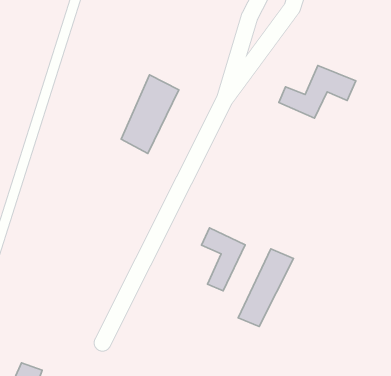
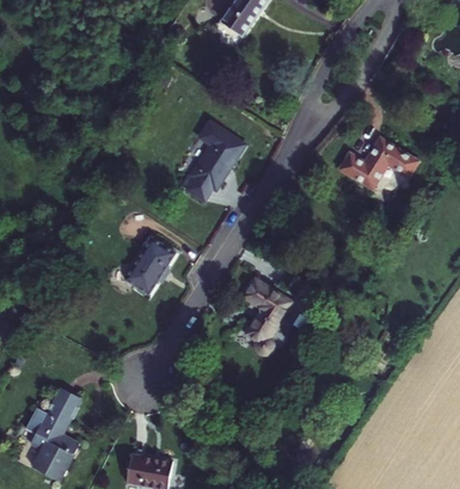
building: none -> [122,236,174,294]
building: [238,249,294,326] -> none

